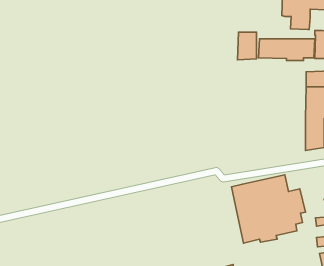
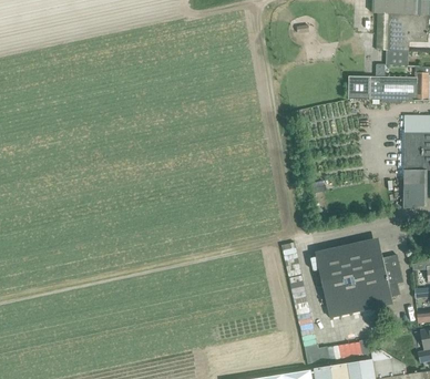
building: [237,32,257,60] -> none

